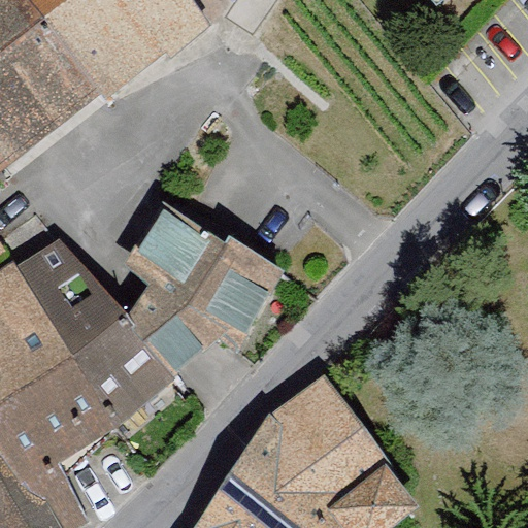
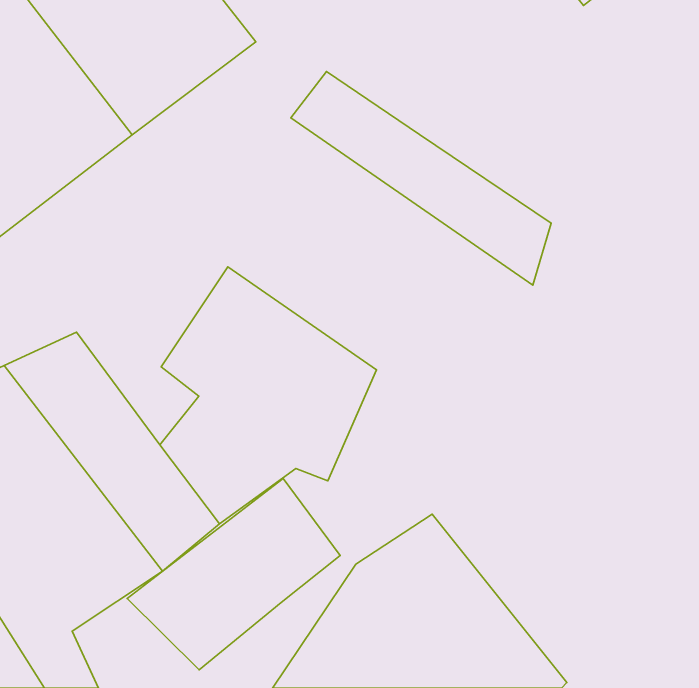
building: none -> [291,71,551,285]
building: none -> [127,478,340,670]

